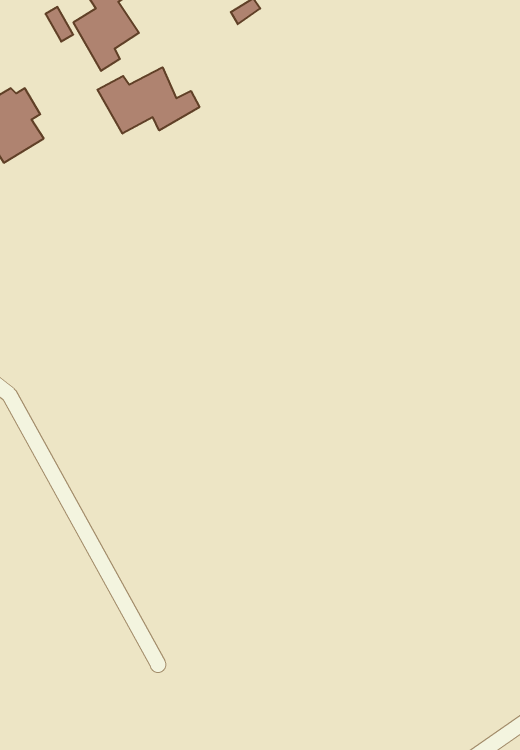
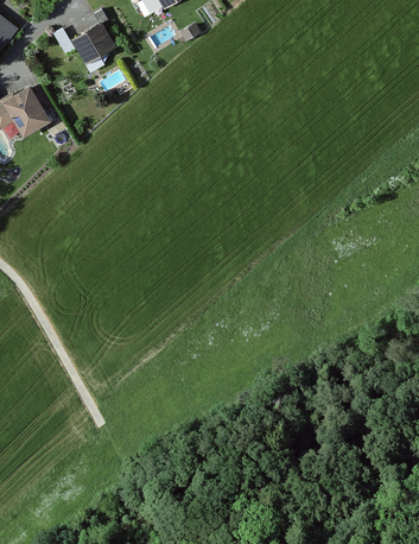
building: [97,67,199,134] -> none

